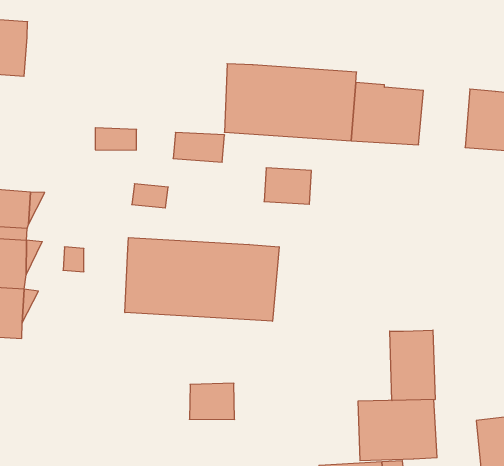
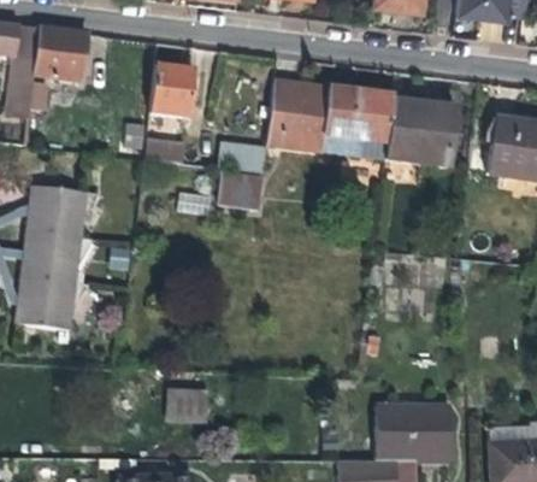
building: none -> [149,65,195,118]
building: [264,168,311,204] -> [218,174,264,210]
building: [125,238,279,321] -> none
building: [390,330,435,401] -> none
building: [189,383,235,419] -> [164,388,207,423]

